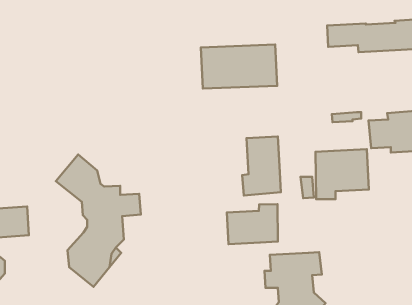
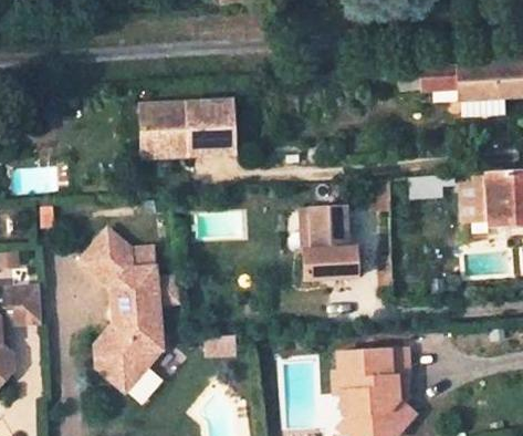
building: [201,45,277,89] -> [145,102,239,156]
building: [315,149,369,199] -> none
building: [227,204,278,244] -> none

